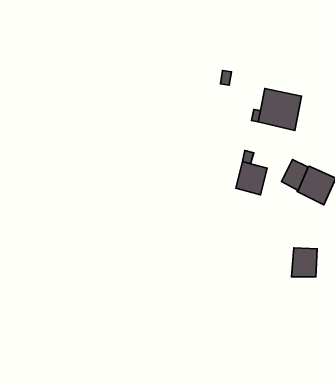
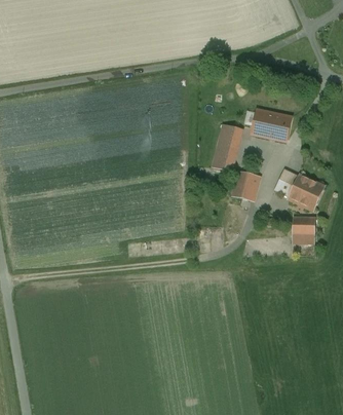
building: none -> [213,122,243,171]
building: [292,248,317,277] -> [292,216,315,242]

